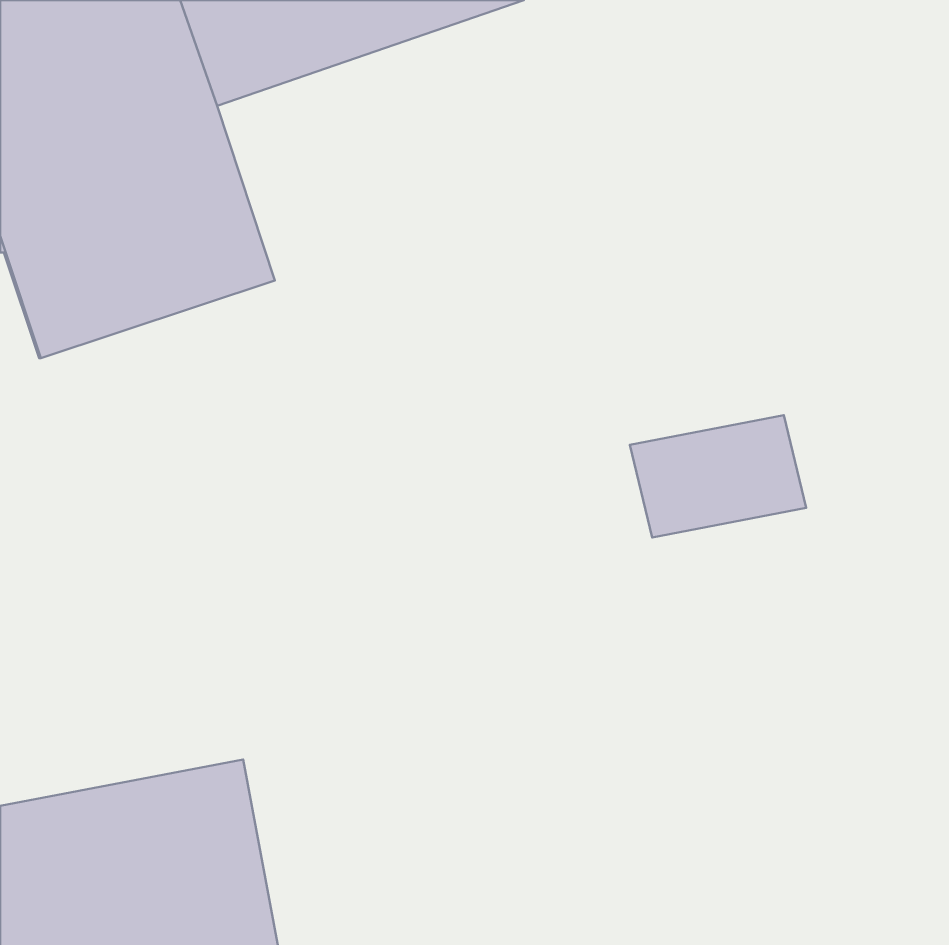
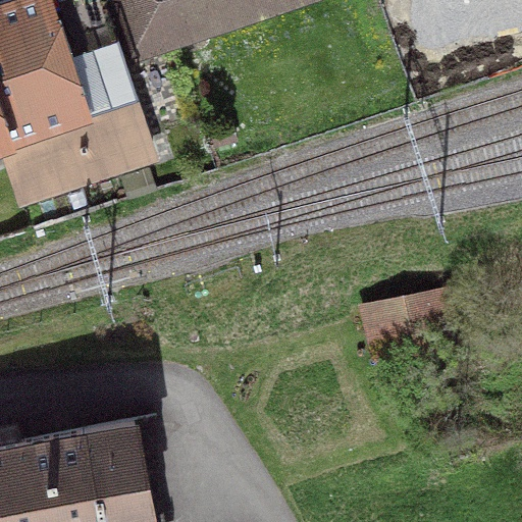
building: [630,415,806,538] -> [361,290,458,357]

